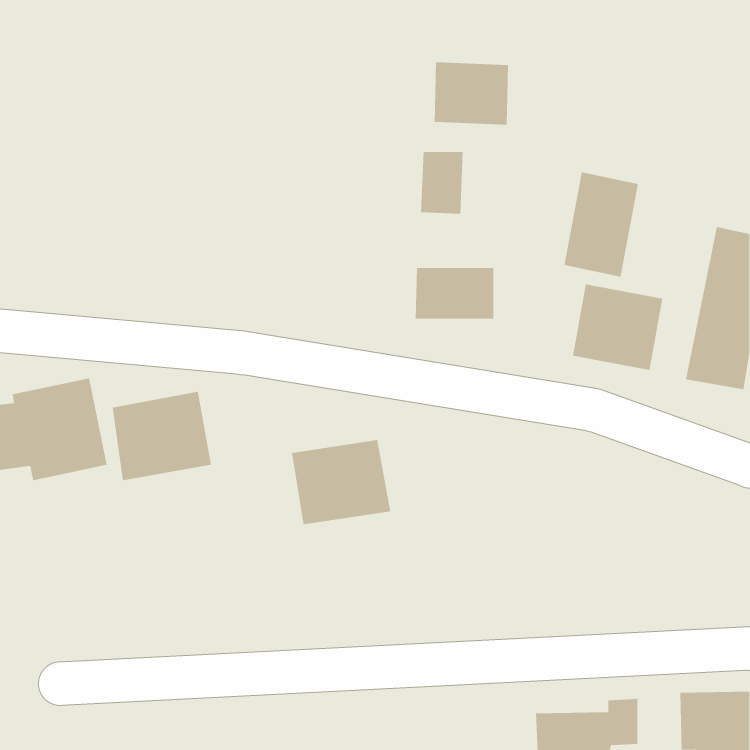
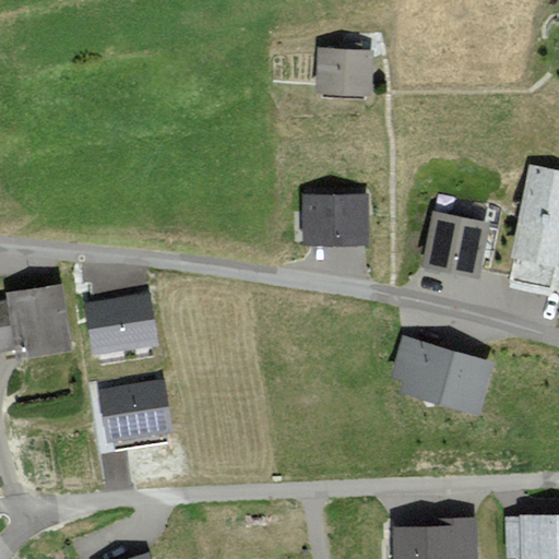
building: [421,151,463,214] -> none
building: [564,172,638,277] -> none
building: [291,439,391,525] -> [98,380,173,443]
building: none -> [395,344,485,403]

